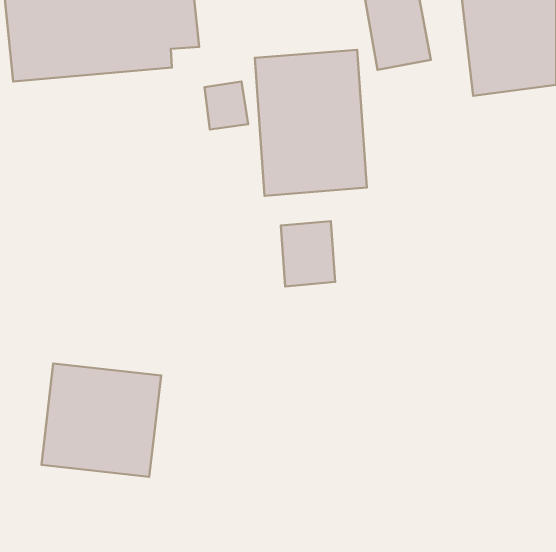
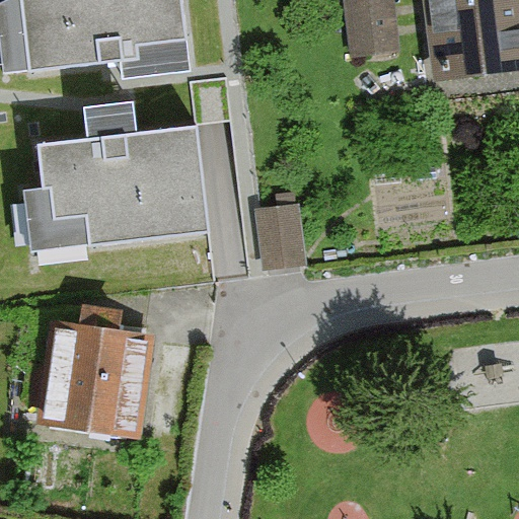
building: [255,50,367,196] -> none
building: none -> [25,101,204,245]

